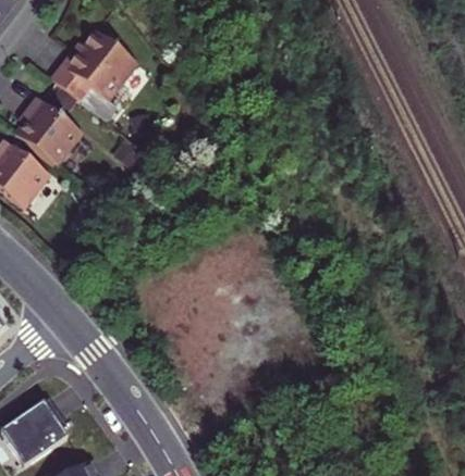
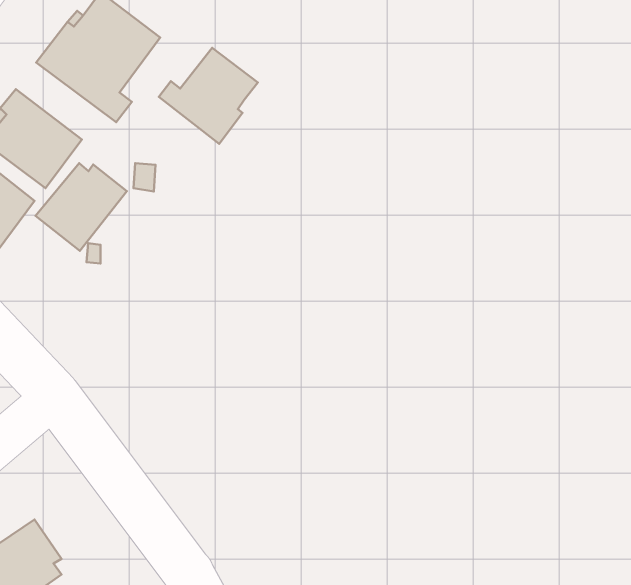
building: none -> [159,48,258,144]
building: none -> [36,163,127,251]

